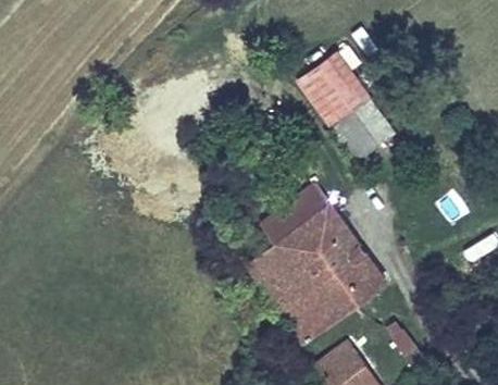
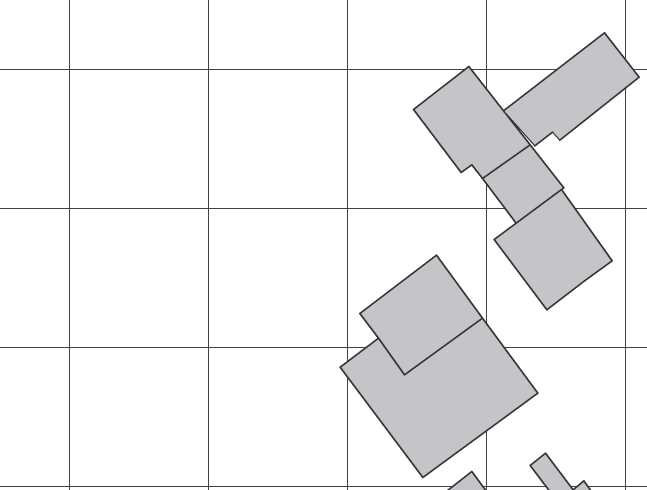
building: none -> [504,33,639,146]
building: none -> [494,189,612,310]

